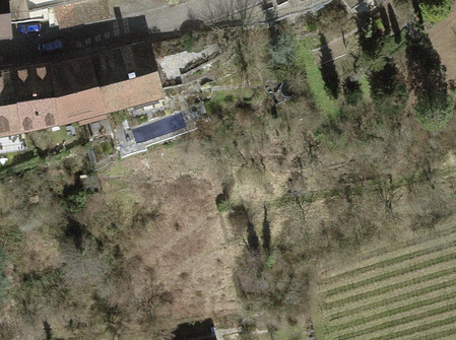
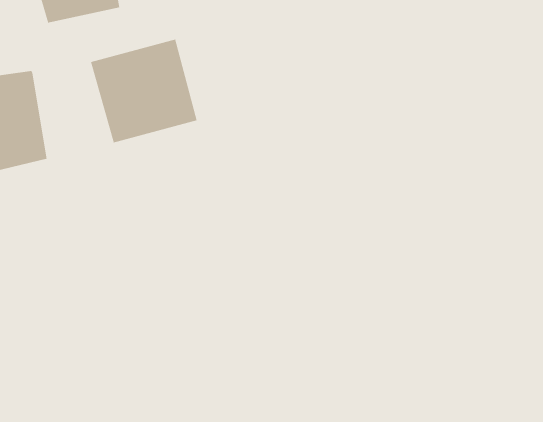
building: [48,54,106,126] -> none

